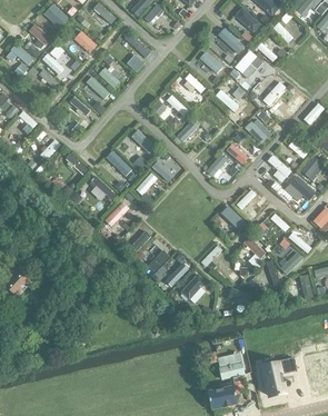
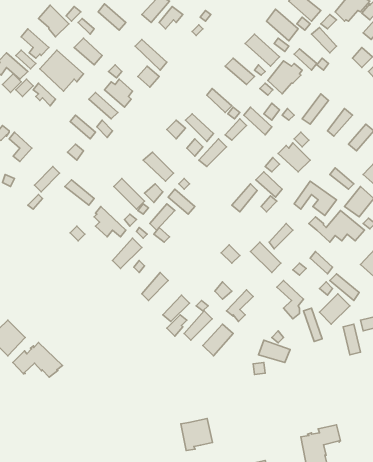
building: none -> [13,342,62,377]
building: [217,353,243,379] -> [181,419,213,450]

